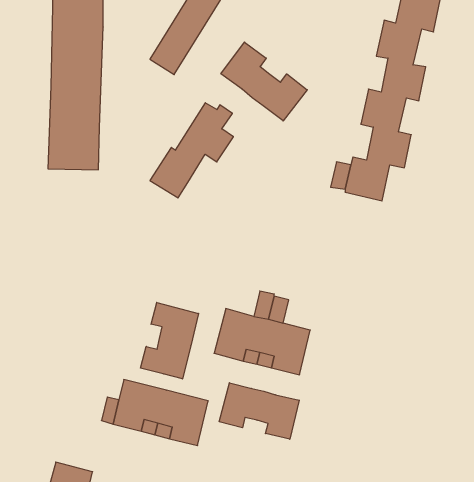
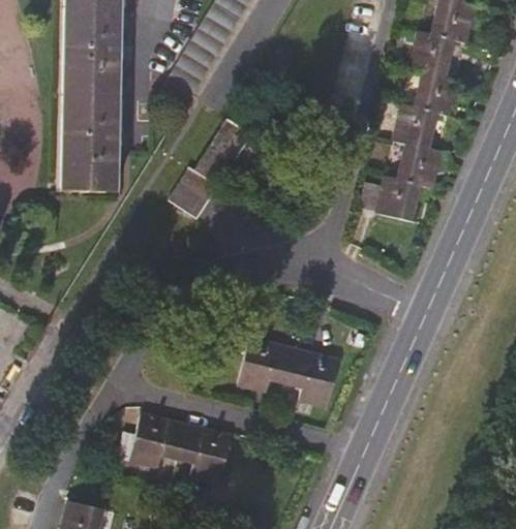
building: [221,42,307,121] -> none
building: [141,302,199,379] -> none
building: [219,383,299,439] -> none

